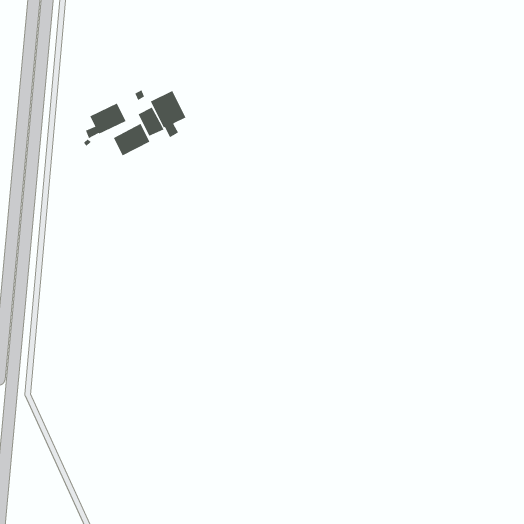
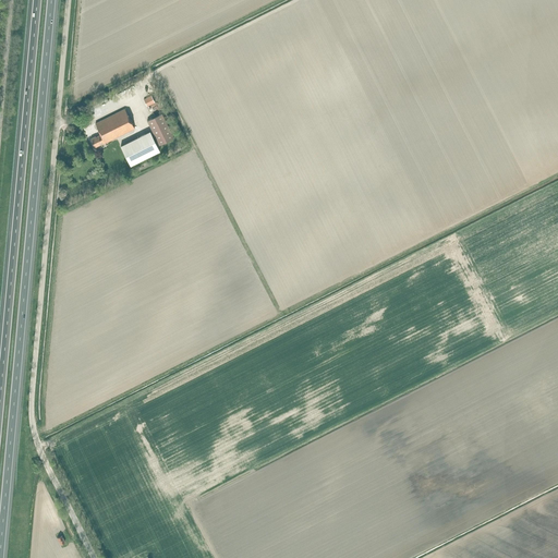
building: [150,90,186,138] -> none

